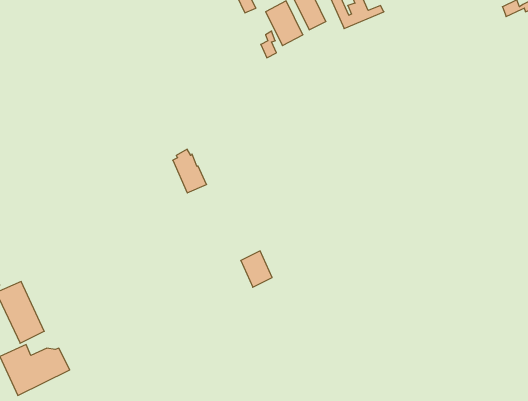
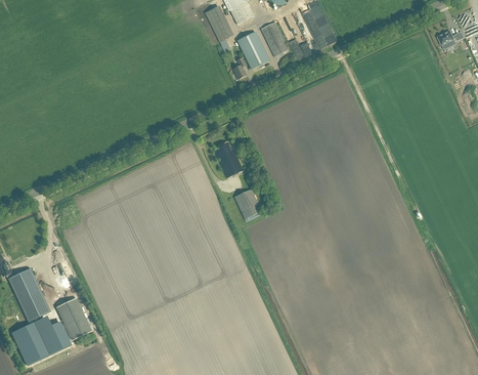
building: [173,149,207,193] -> [214,140,243,177]
building: [241,251,272,287] -> [234,187,261,218]
building: none -> [56,298,90,339]

